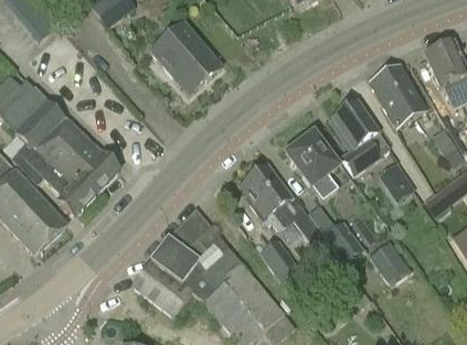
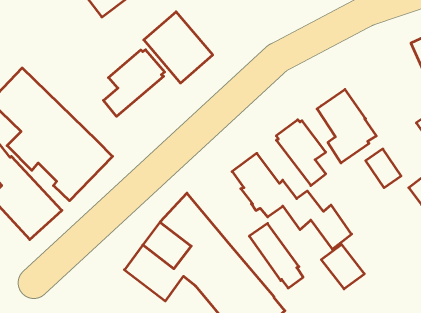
building: none -> [103,50,165,116]
building: [370,65,427,128] -> none
building: [368,241,412,287] -> [321,245,364,289]

